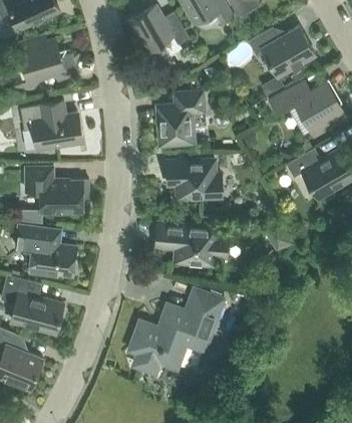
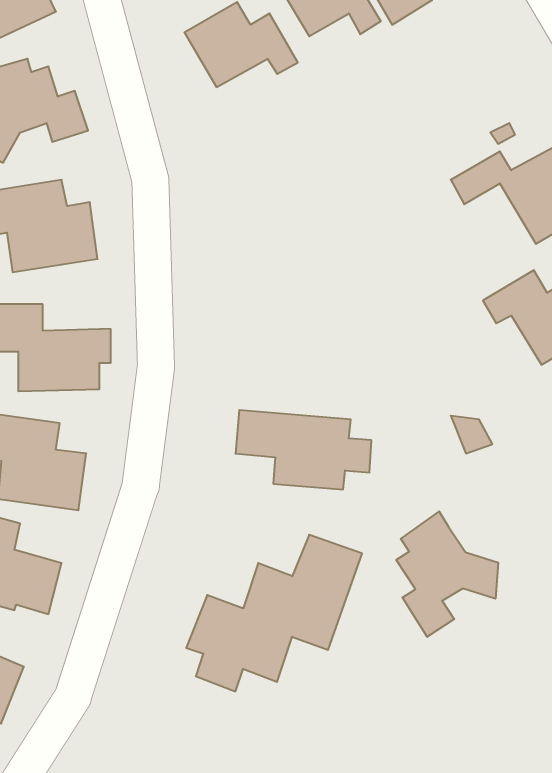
building: [248,27,315,77] -> none
building: [157,92,205,146] -> none
building: [166,158,222,199] -> none
building: none -> [396,511,498,637]

